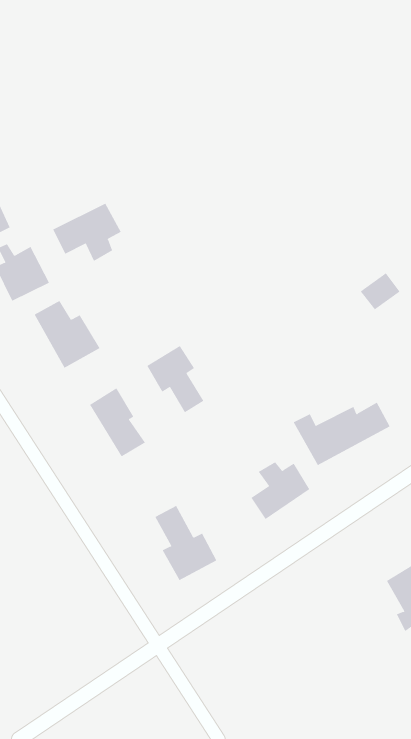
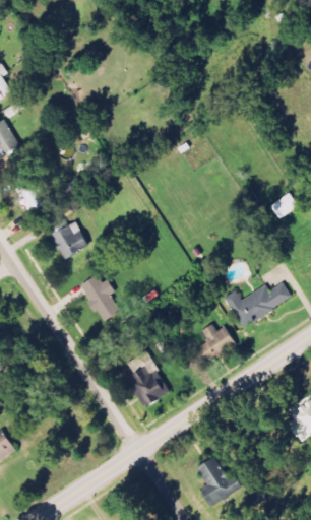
building: [52,203,122,262] -> none
building: [147,345,204,413] -> none
building: none -> [196,457,241,505]

